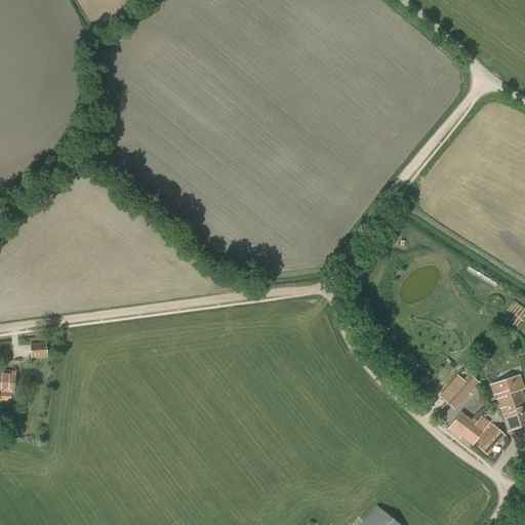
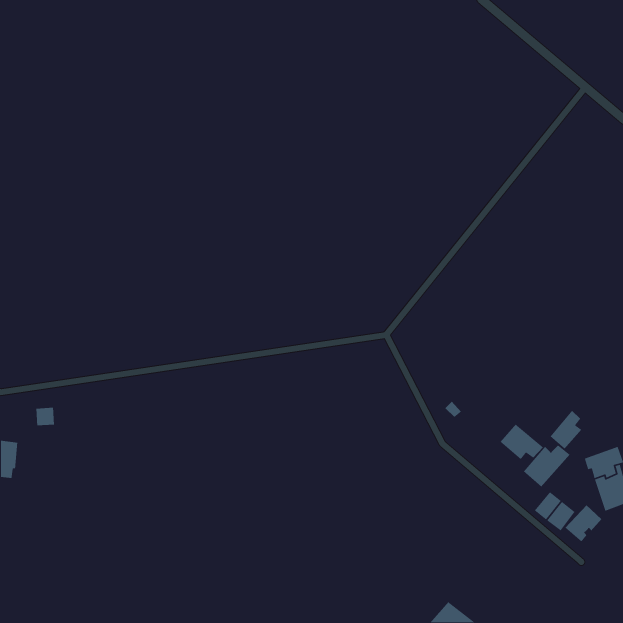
building: none -> [549,410,582,450]
building: none -> [500,423,544,460]

